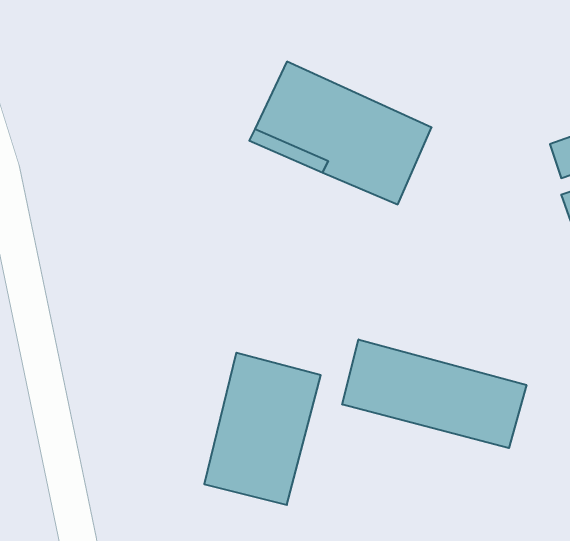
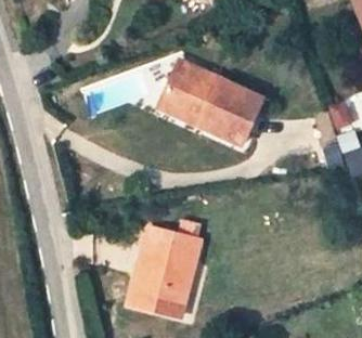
building: [342,339,526,448] -> none

